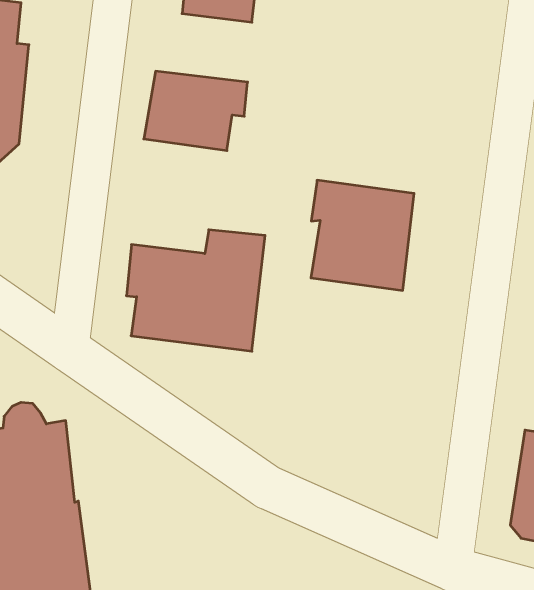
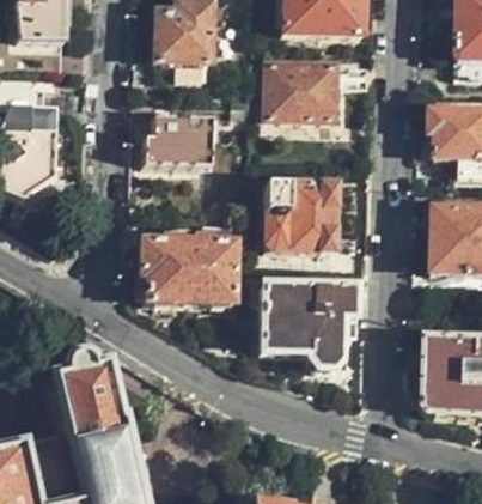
building: none -> [270,61,364,115]
building: none -> [262,281,355,369]

